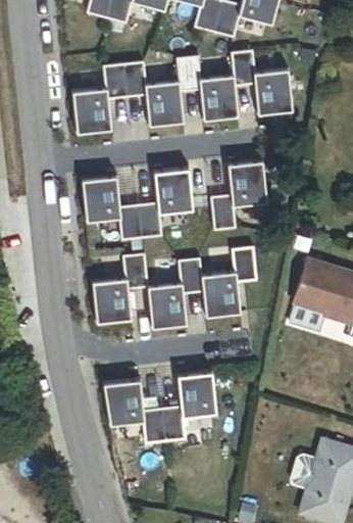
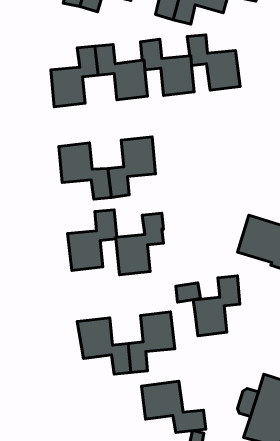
building: [212,160,268,230] -> none
building: [202,247,256,317] -> [193,276,240,336]
building: none -> [142,381,206,432]

